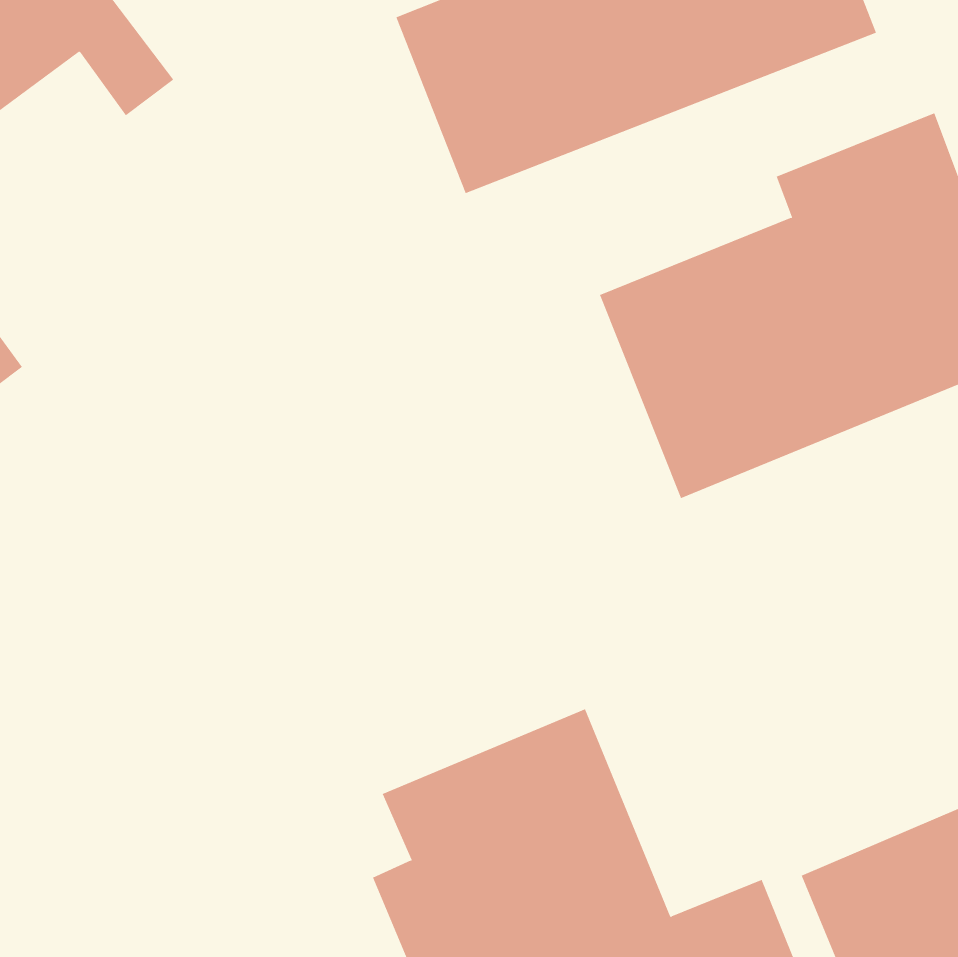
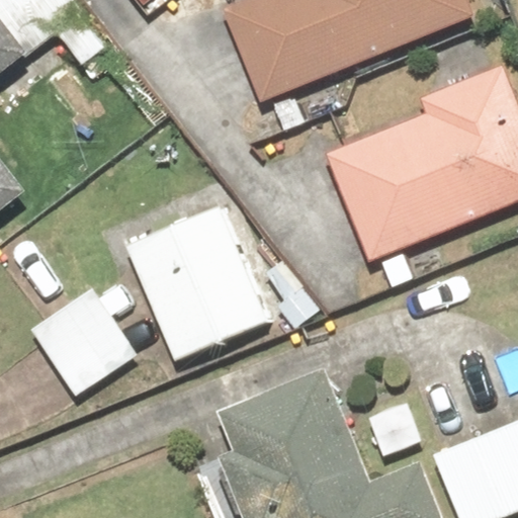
building: none -> [125,203,274,358]
building: none -> [26,284,138,397]

